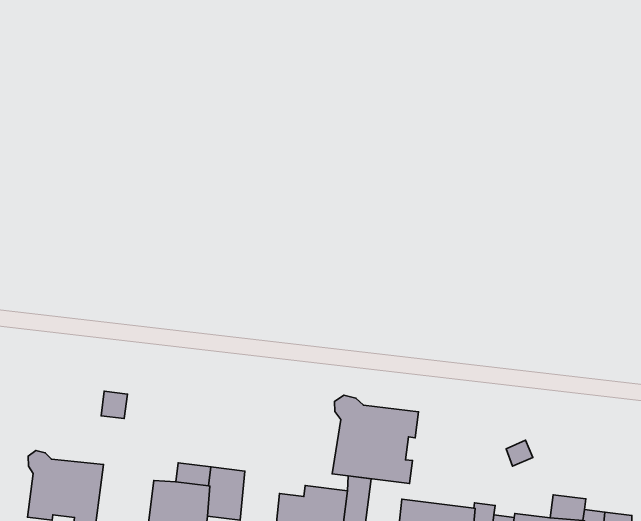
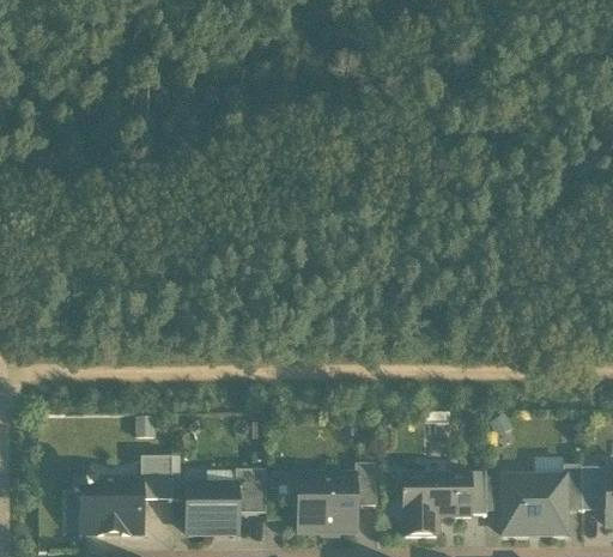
building: [332,395,419,484] -> none
building: none -> [140,458,171,501]

